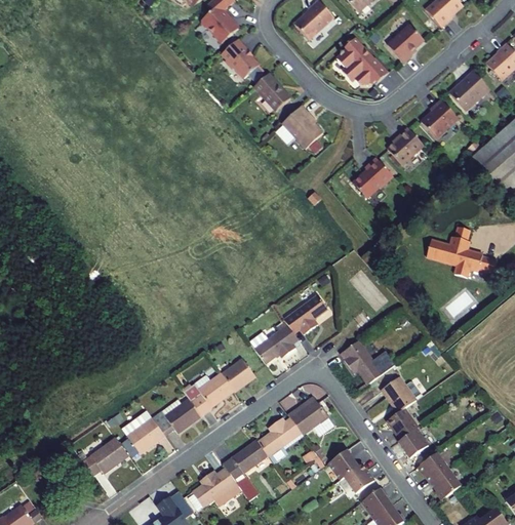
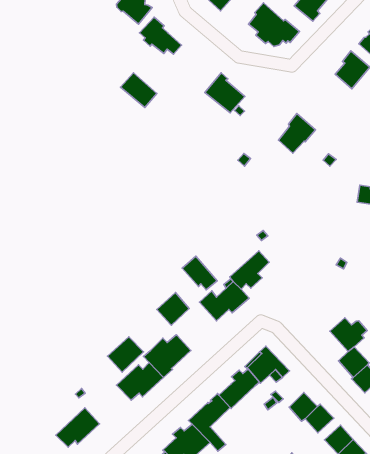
building: [253,73,290,111] -> [121,73,157,108]
building: [387,127,424,165] -> none
building: none -> [182,256,217,290]
building: [340,339,383,385] -> none
building: [222,358,255,392] -> [157,292,189,325]
building: [127,417,165,453] -> [108,337,143,372]

